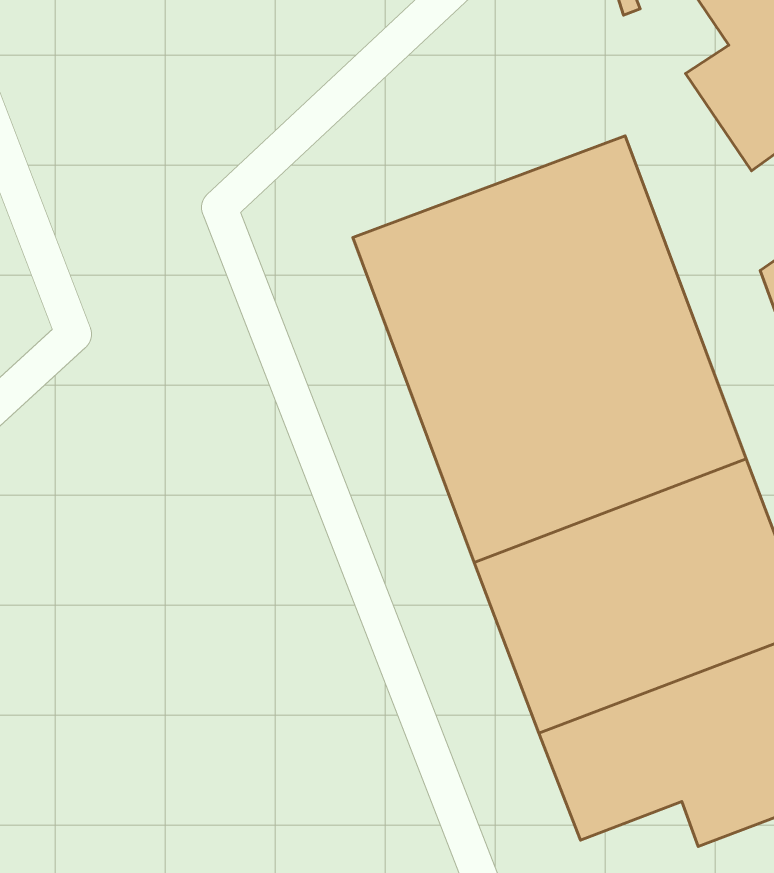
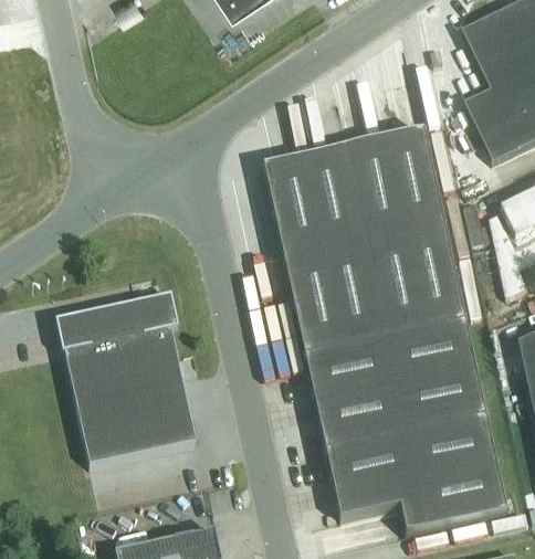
building: none -> [60,294,197,461]

